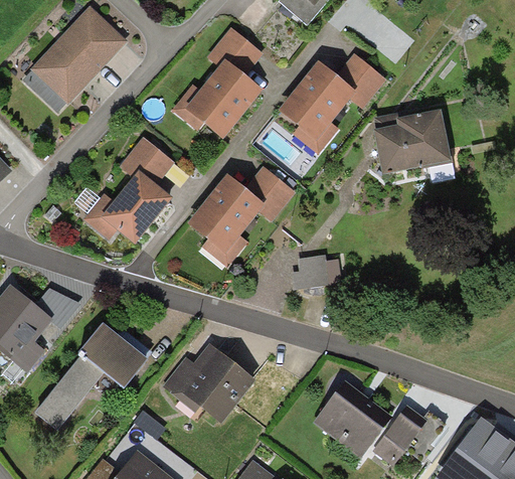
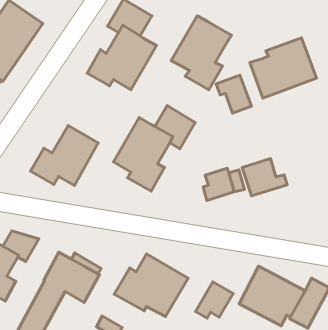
building: [336,53,385,108] -> none
building: [119,137,174,184] -> none
building: none -> [216,75,252,113]
building: none -> [242,159,287,196]
building: none -> [195,282,233,318]

